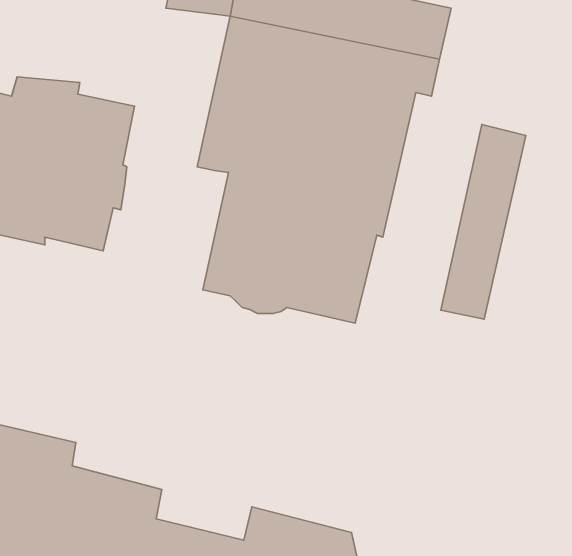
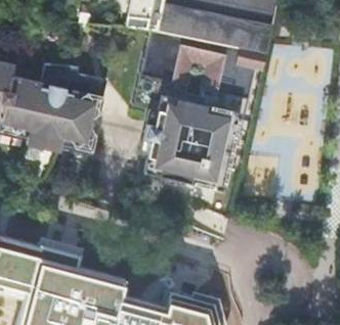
building: [441,124,526,319] -> none

